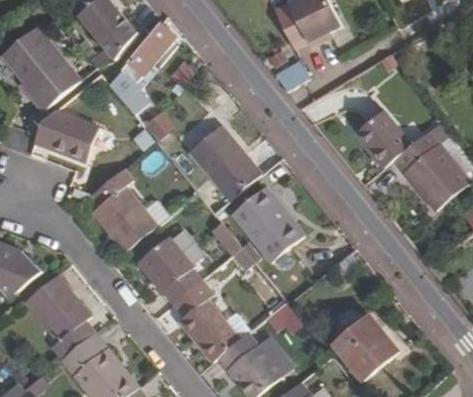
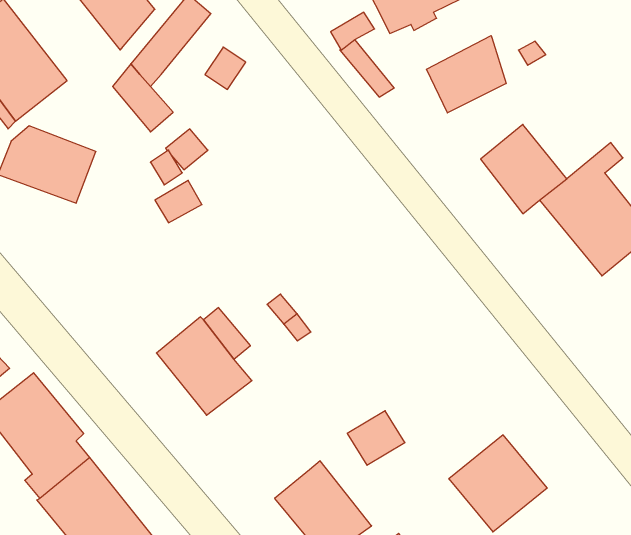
building: none -> [426,36,506,113]
building: [188,124,260,200] -> none
building: [90,167,156,252] -> none
building: [230,185,305,262] -> none
building: [171,279,240,363] -> none

